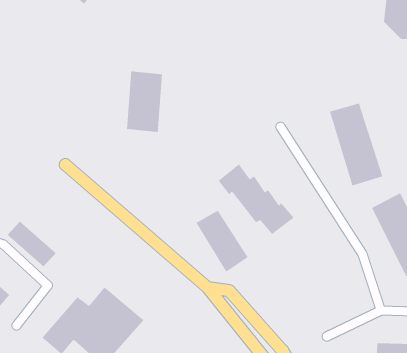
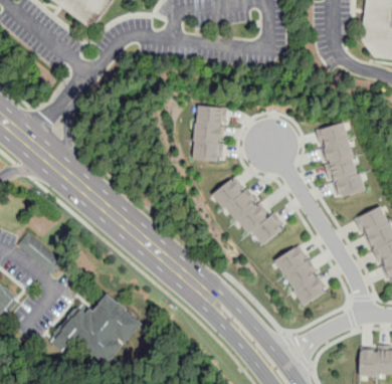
building: [126,71,163,132] -> [191,104,225,161]
building: [195,210,248,272] -> [273,246,323,305]

